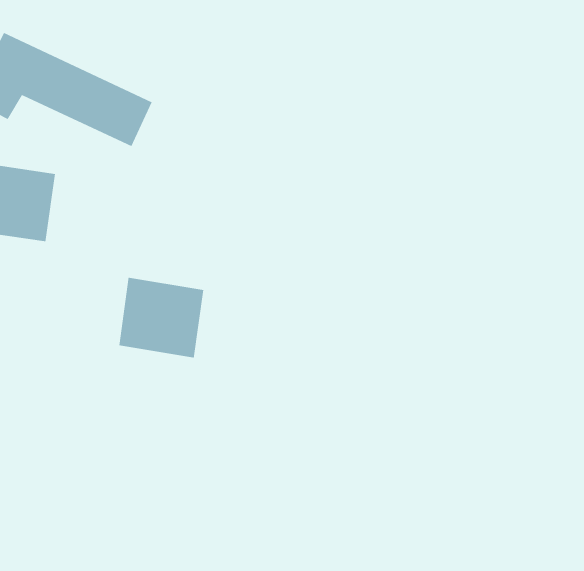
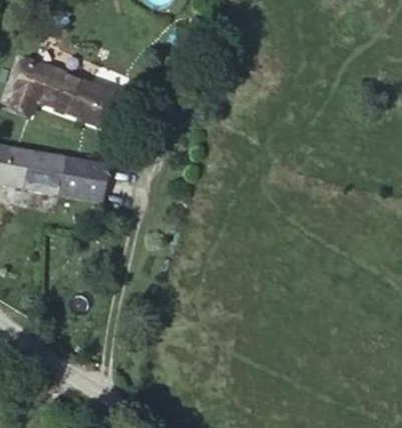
building: [118,277,204,358] -> [52,150,106,201]

